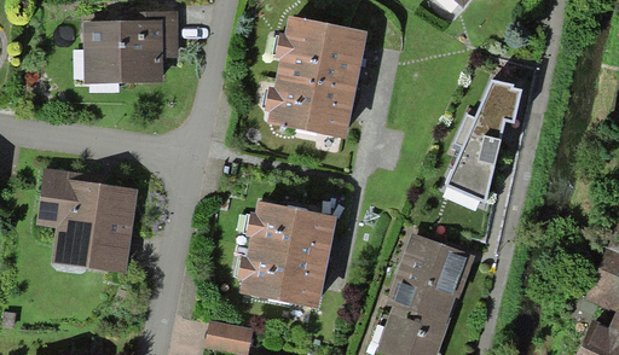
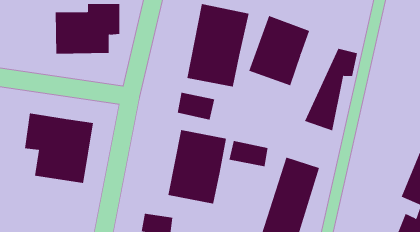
building: none -> [248,15,310,86]
building: none -> [177,92,215,121]
building: none -> [229,140,268,167]

